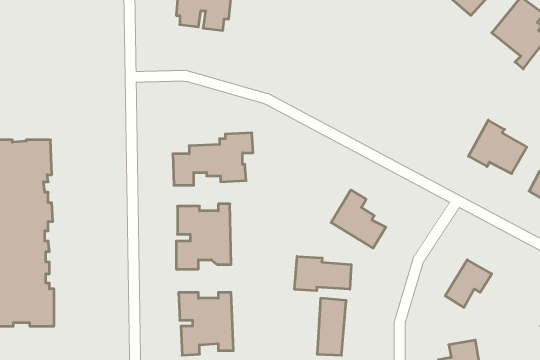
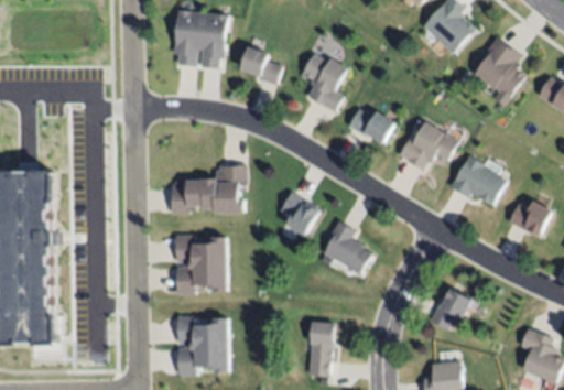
building: none -> [240,46,279,84]
building: none -> [303,54,348,110]
building: none -> [347,107,392,140]
building: none -> [398,121,458,167]
building: none -> [281,192,321,237]
building: [295,256,351,291] -> none

